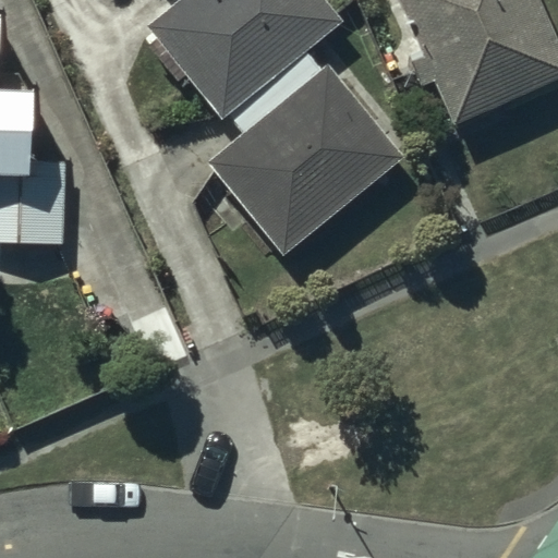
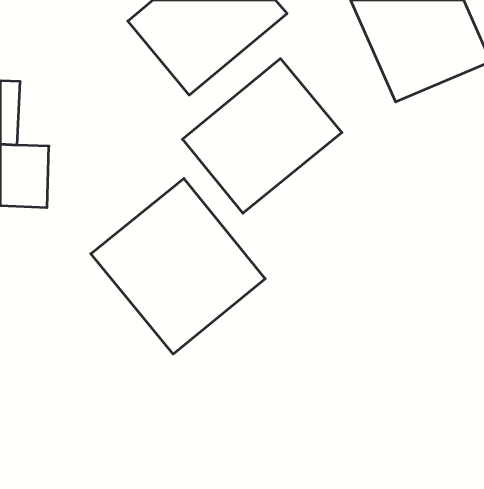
building: none -> [91,178,265,354]

